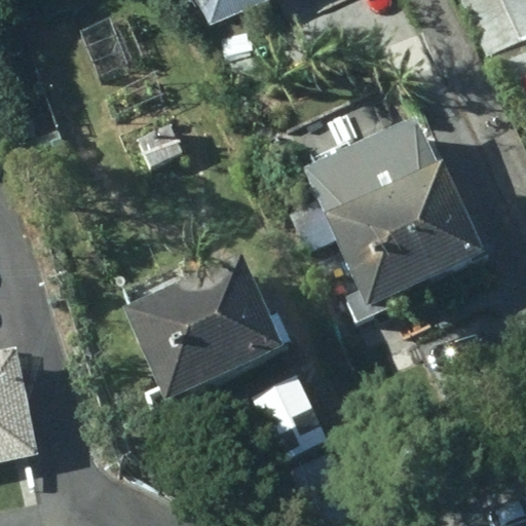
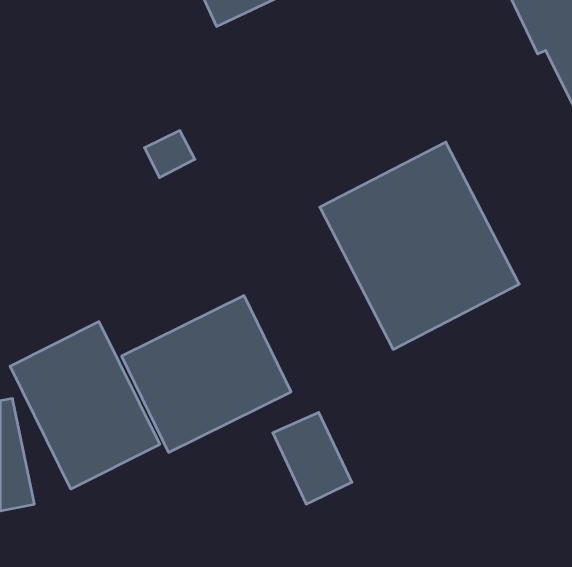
building: none -> [10,322,160,489]

